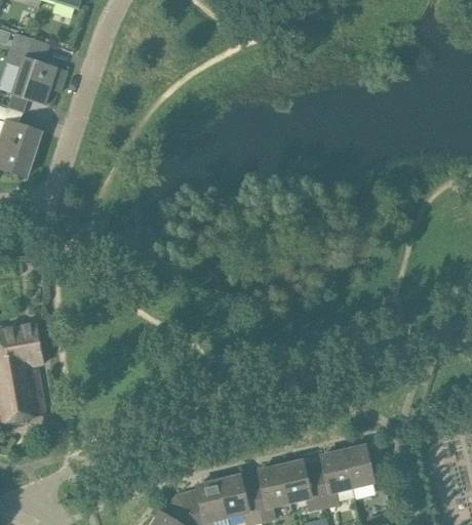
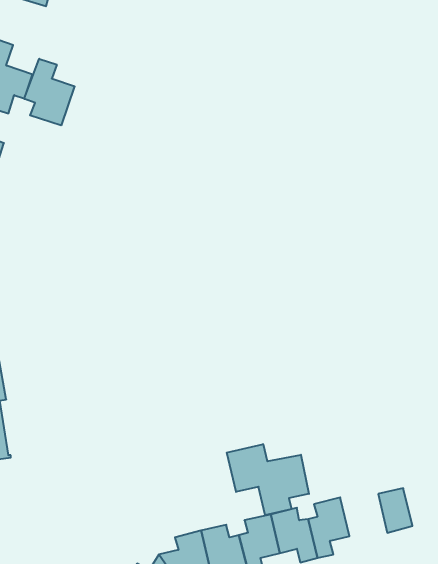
building: none -> [24,59,75,125]
building: none -> [227,444,309,515]
building: [343,445,373,485] -> [378,488,412,533]

